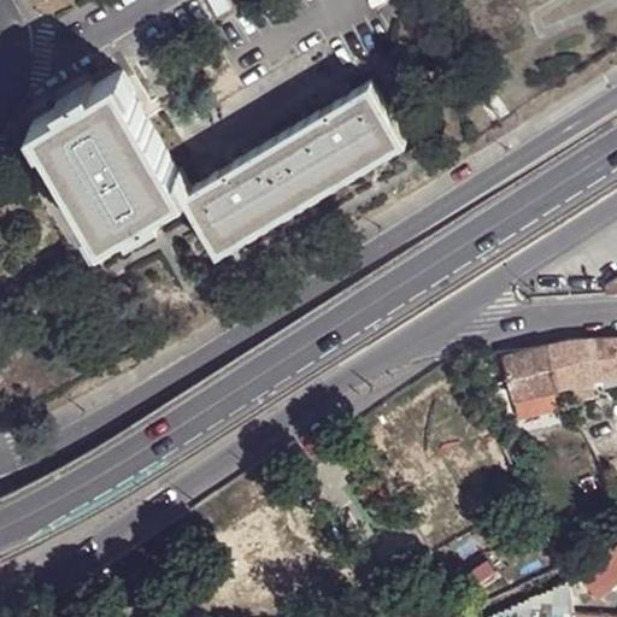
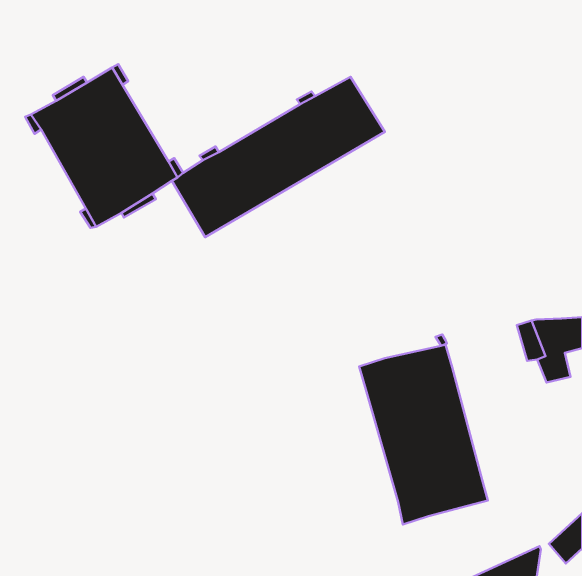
building: [501,352,554,401] -> none
building: none -> [359,345,488,524]

